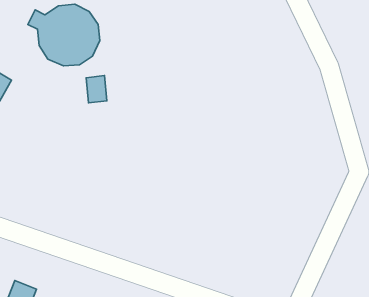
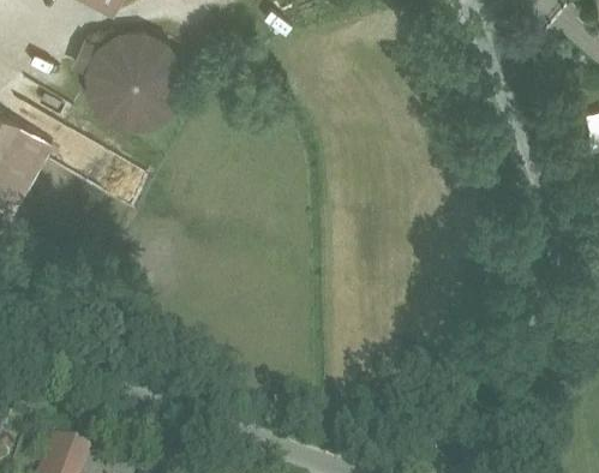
building: [86,76,107,103] -> none

